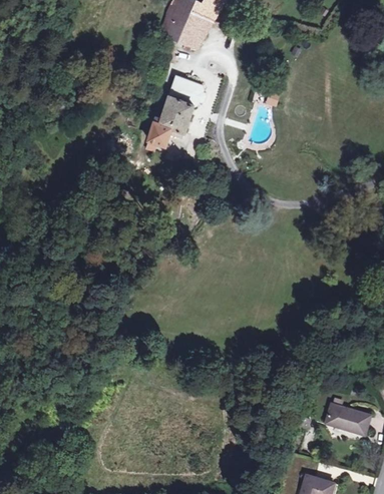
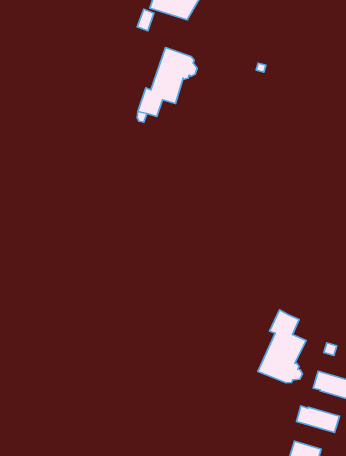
building: none -> [258,310,306,383]
building: none -> [296,406,340,433]

